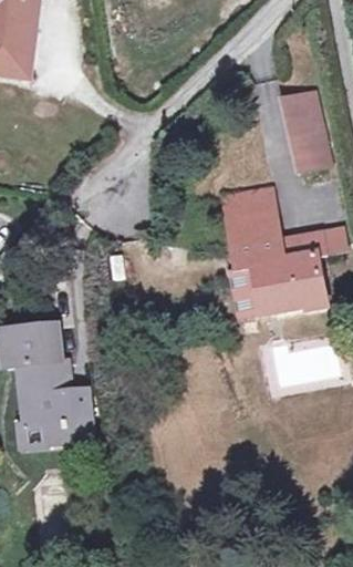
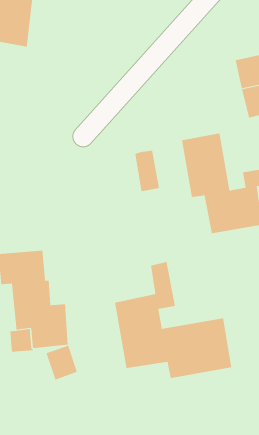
building: [227,261,258,312] -> [135,150,160,192]
building: none -> [114,261,232,379]
building: none -> [46,345,78,381]

